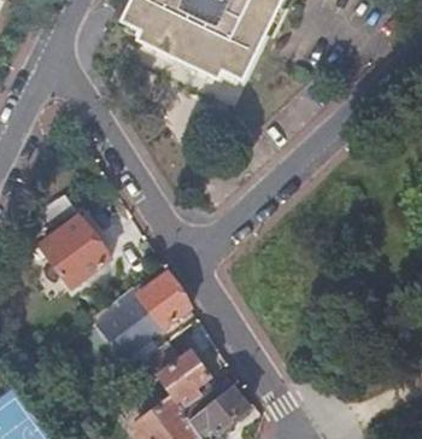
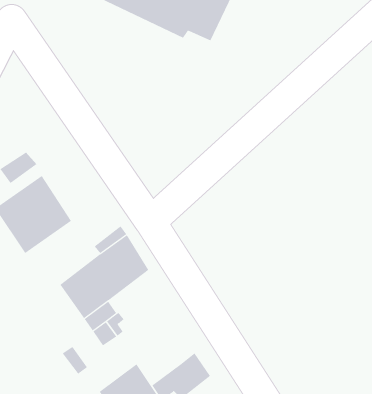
building: [159,351,217,420] -> none

